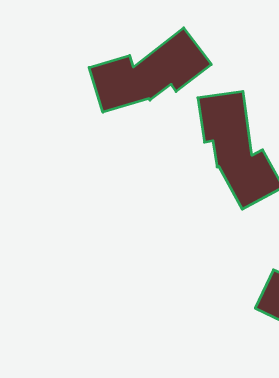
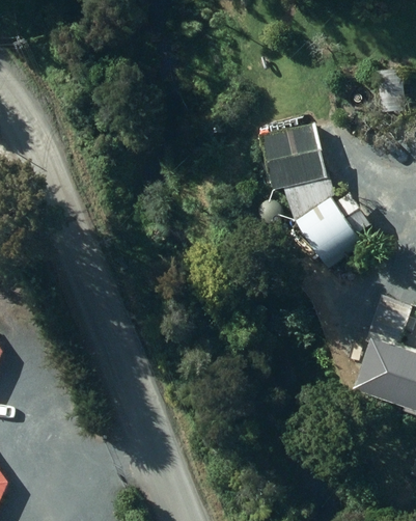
building: [89,28,211,112] -> none

